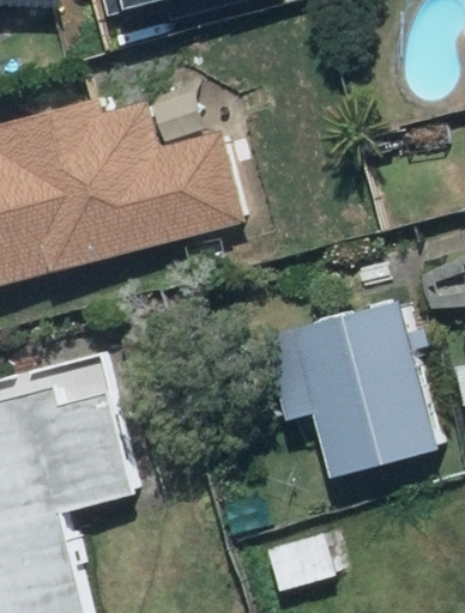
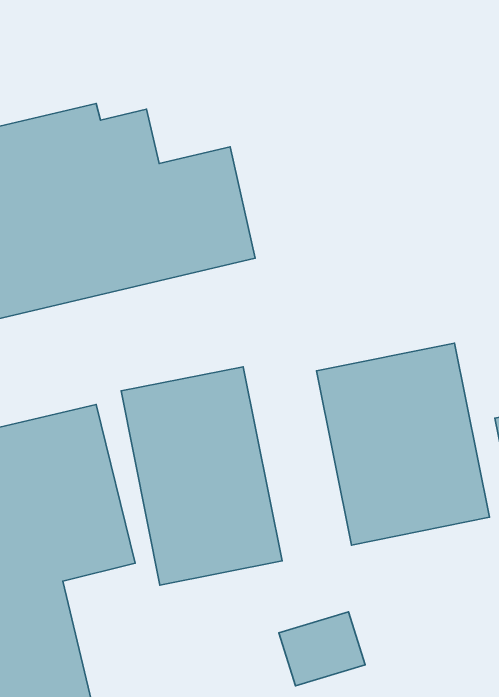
building: none -> [121,367,282,585]

